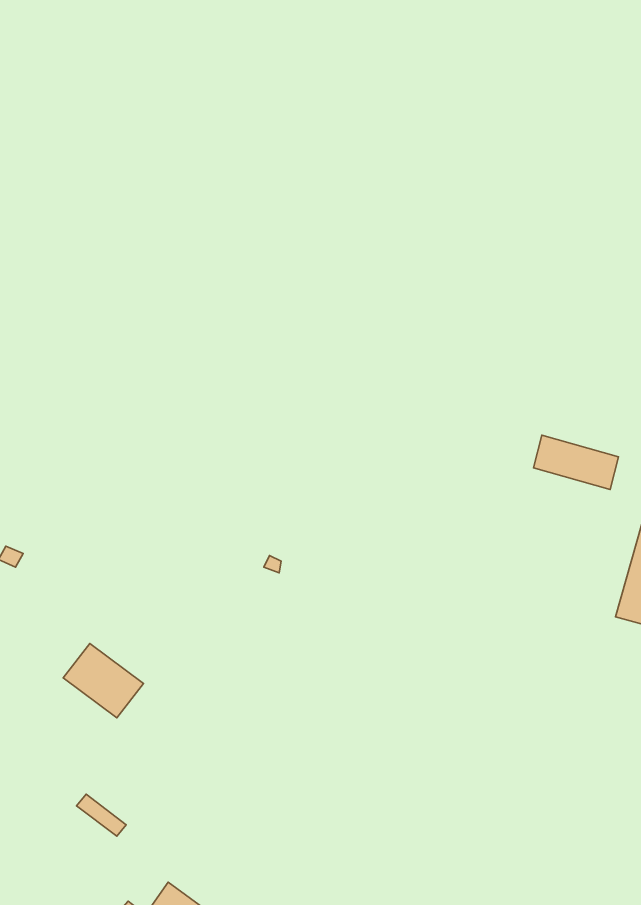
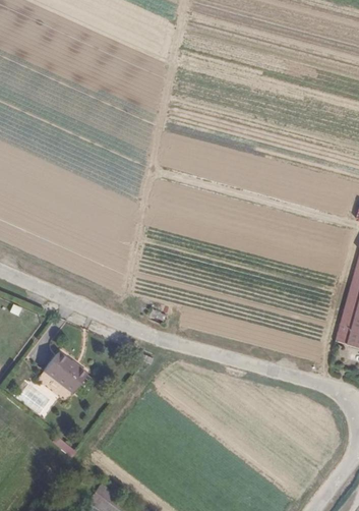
building: [533,435,619,490] -> none

